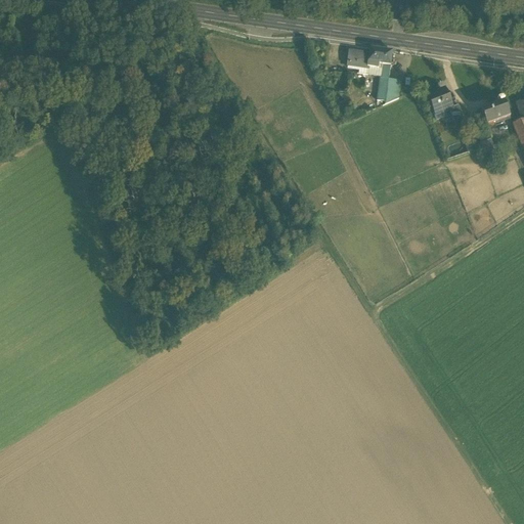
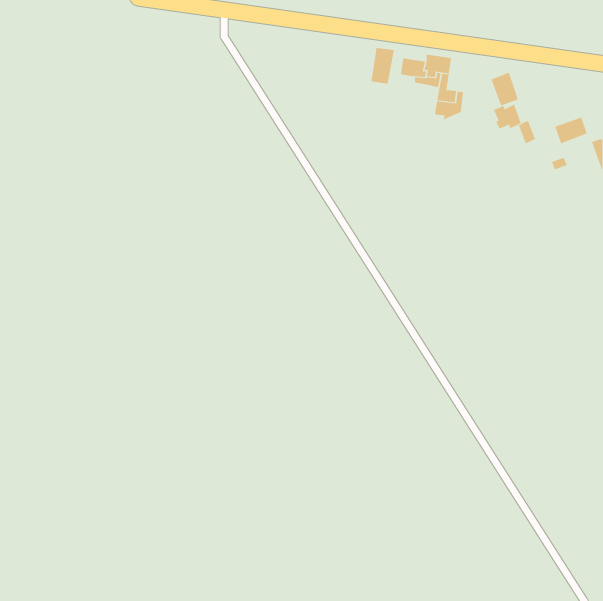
building: none -> [371,47,394,84]
building: none -> [491,72,518,106]

